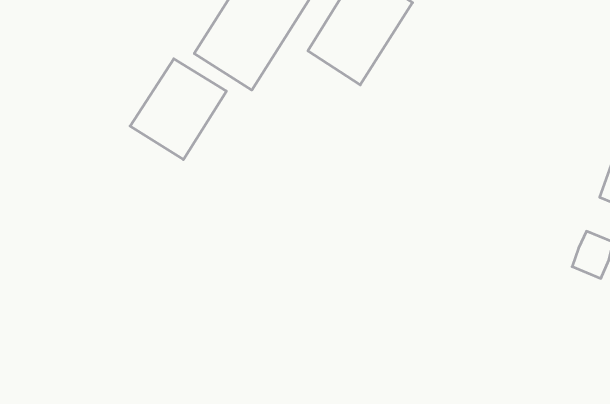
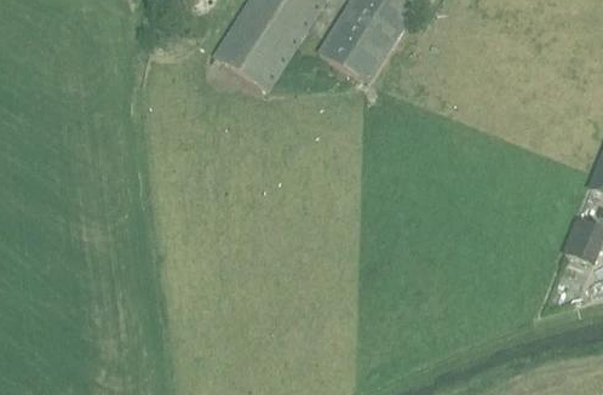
building: [130,59,226,160] -> none

